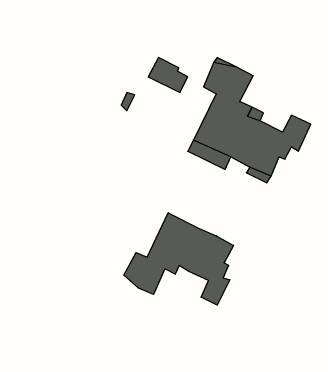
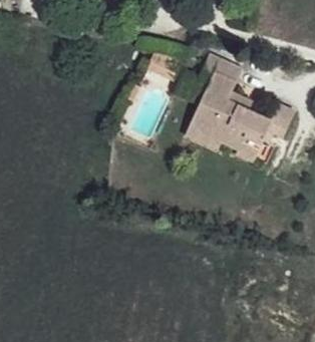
building: [124,213,234,305] -> none

